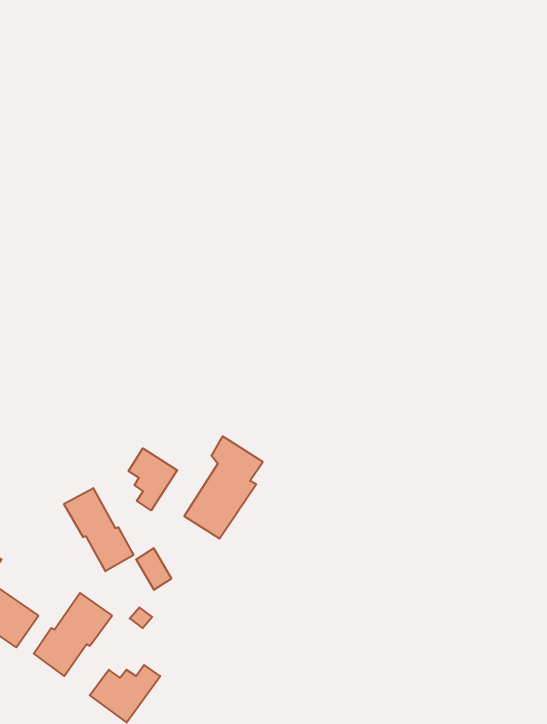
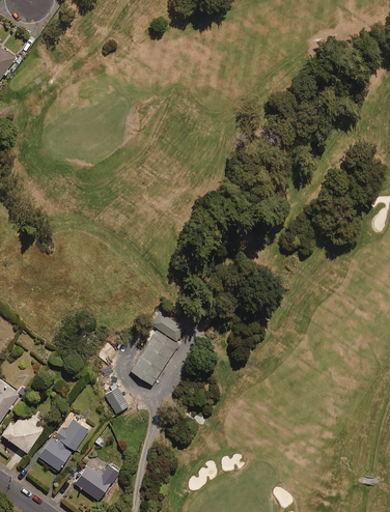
building: [129,448,177,510] -> none
building: [64,488,133,571] -> none

